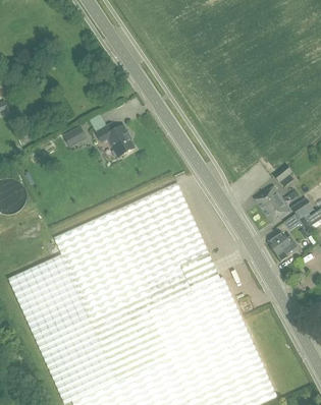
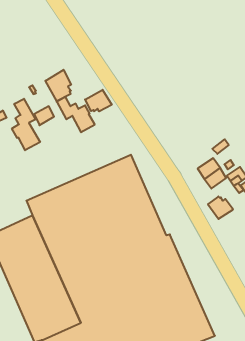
building: none -> [45,70,71,101]
building: none -> [85,90,112,111]
building: none -> [12,99,40,150]

